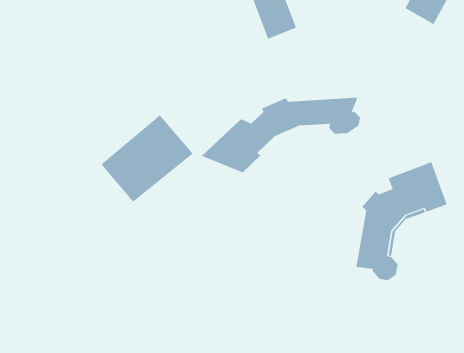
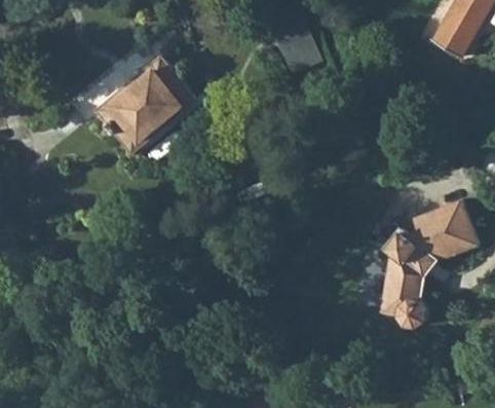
building: [201,97,361,173] -> none
building: [101,115,193,202] -> [98,59,195,151]

